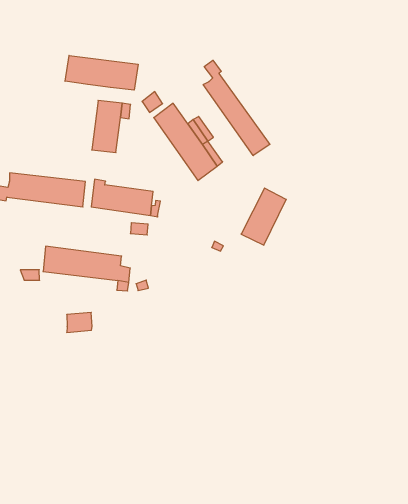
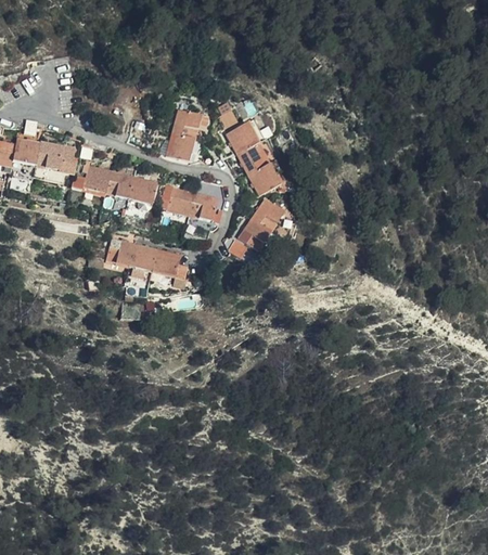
building: [65,55,138,90] -> none
building: [203,60,270,156] -> none
building: [241,188,286,245] -> [237,198,283,250]

